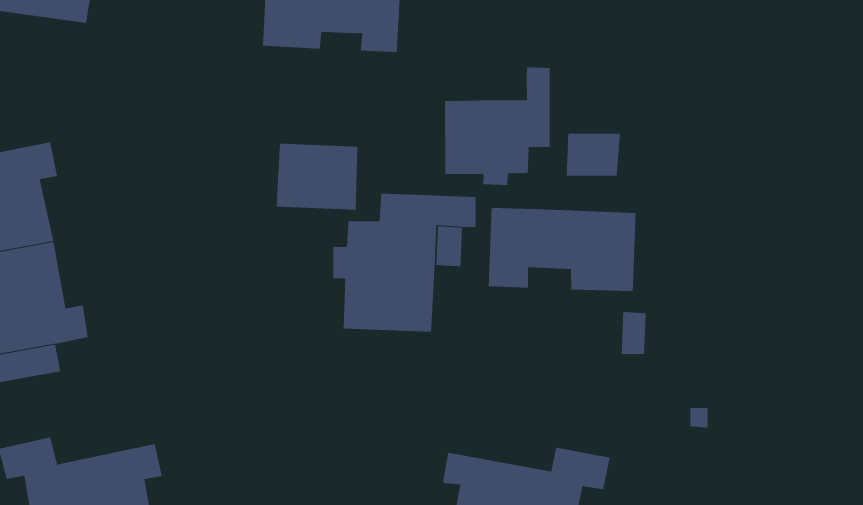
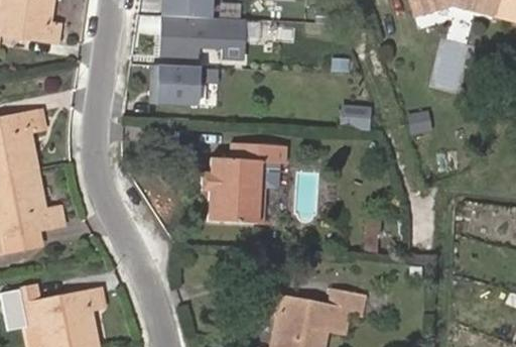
building: [445,67,550,186] -> none
building: [276,143,358,210] -> [150,65,199,104]
building: [488,207,636,292] -> none

